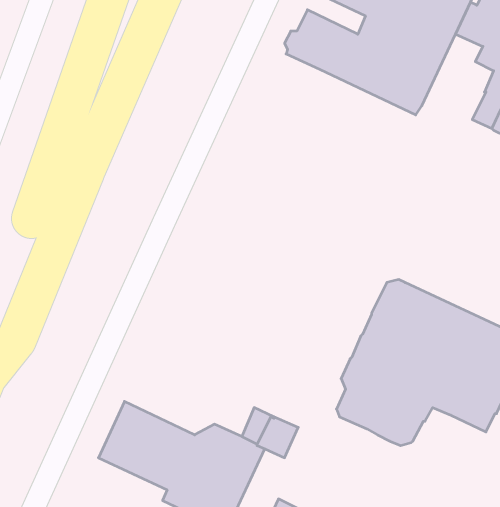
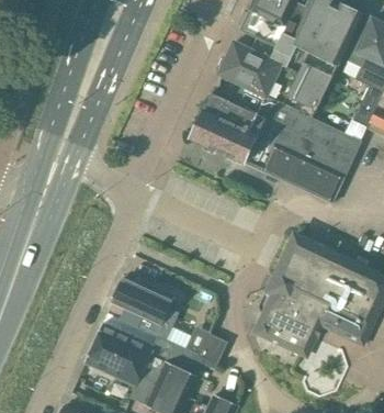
building: none -> [190,83,361,203]
building: none -> [111,279,174,339]

